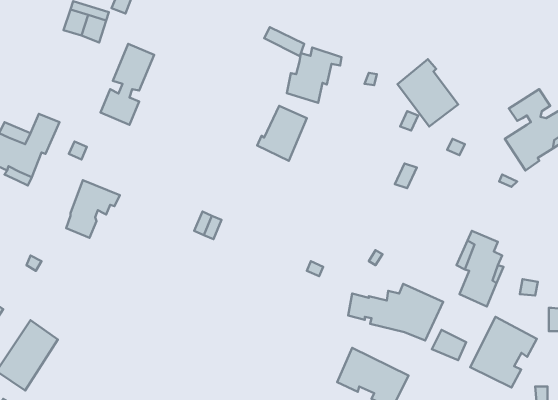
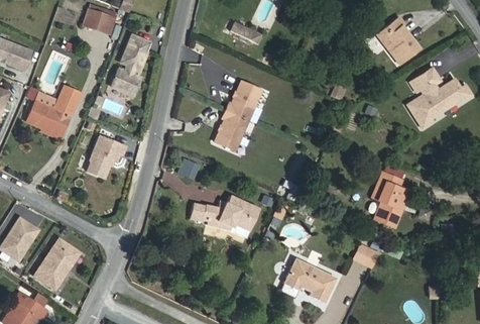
building: [287,47,342,103] -> none
building: [398,59,458,127] -> [377,16,422,66]
building: none -> [215,110,249,151]
building: [348,284,443,340] -> [191,196,260,237]
building: [470,317,537,388] -> none

